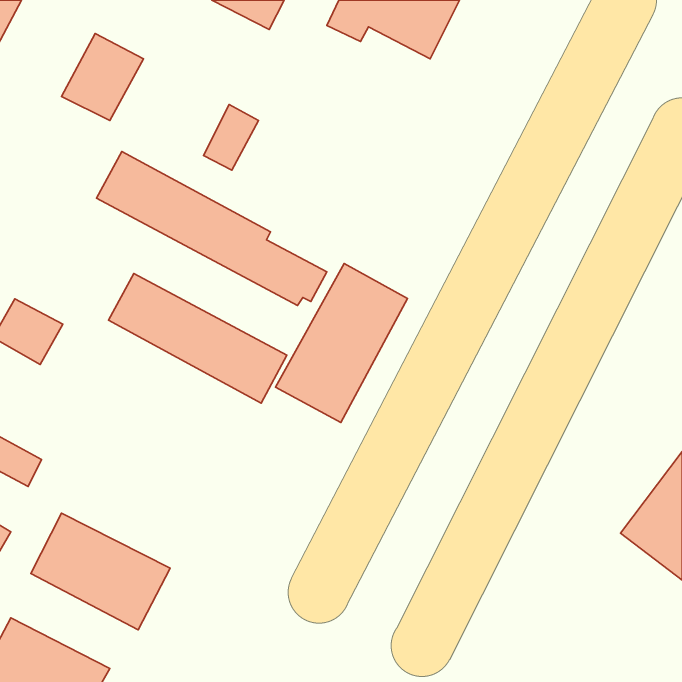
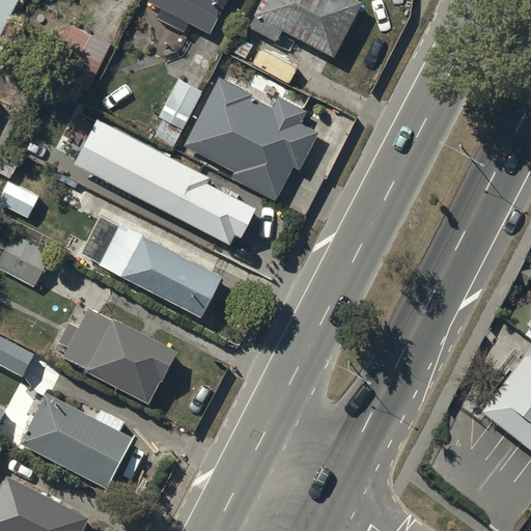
building: none -> [188,82,313,192]
building: [276,264,407,422] -> none
building: none -> [56,311,173,404]

